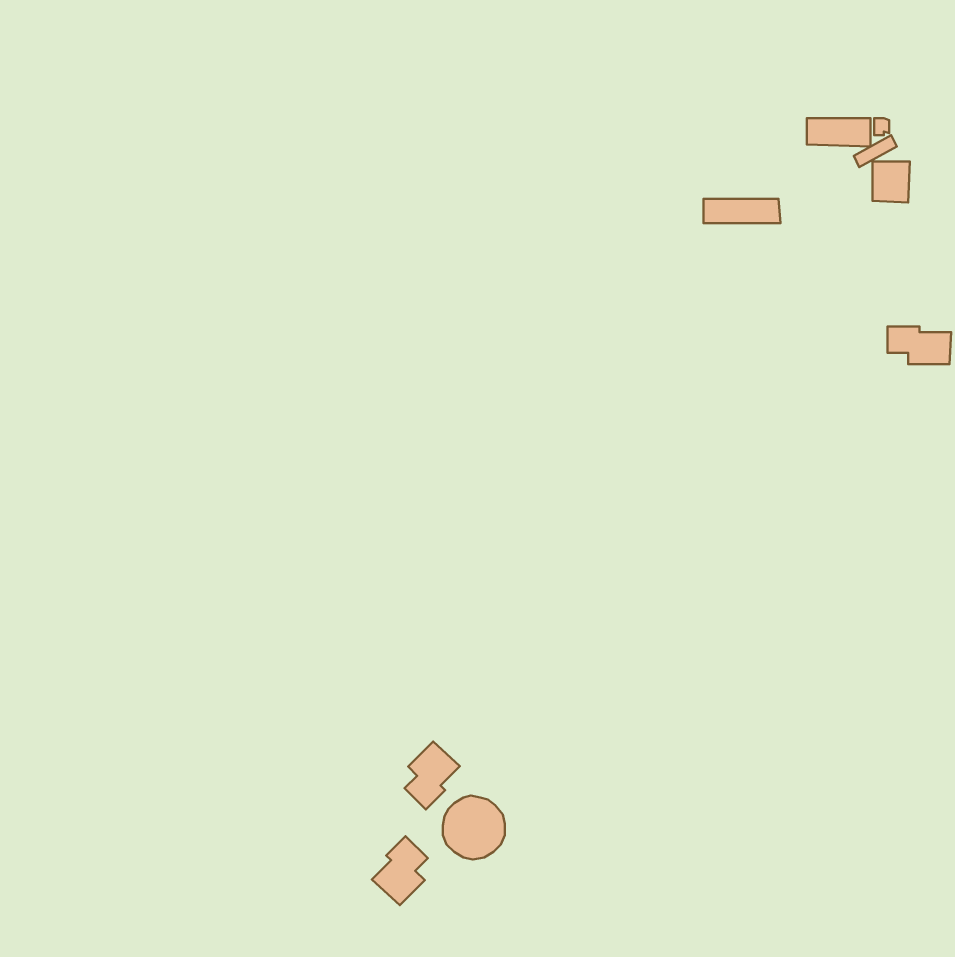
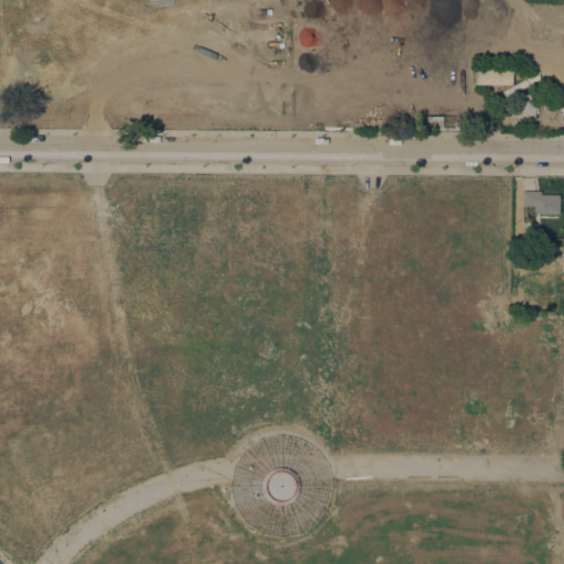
building: [405,742,460,809] -> none
building: [372,836,428,905] -> none

